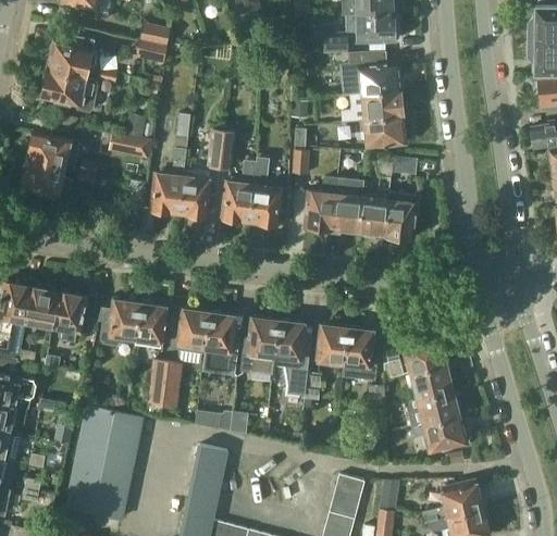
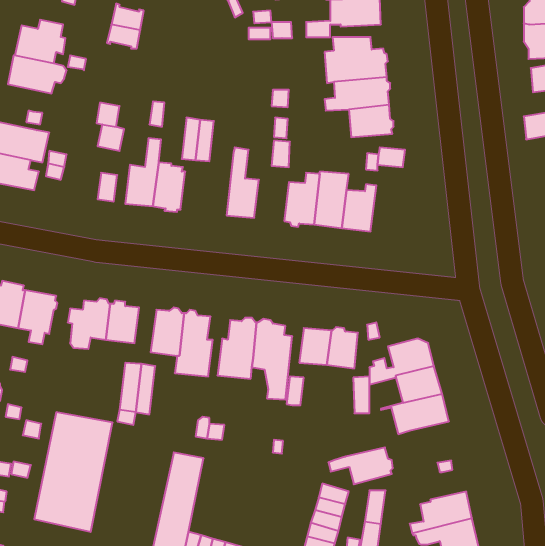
building: [222,160,256,222] -> none
building: [385,191,420,239] -> none
building: [406,415,467,450] -> [328,447,393,484]

